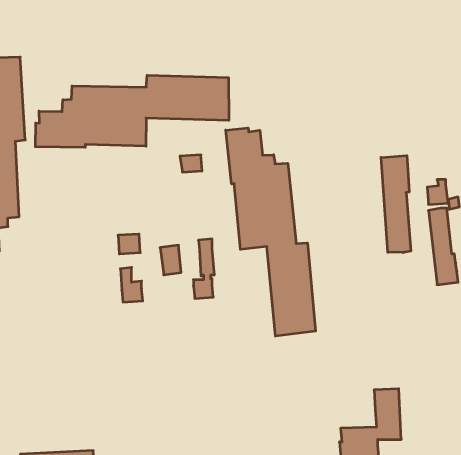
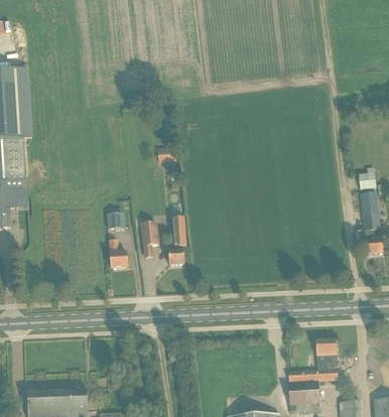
building: [35,75,229,147] -> none
building: [226,128,316,336] -> none
building: [381,156,411,253] -> none

